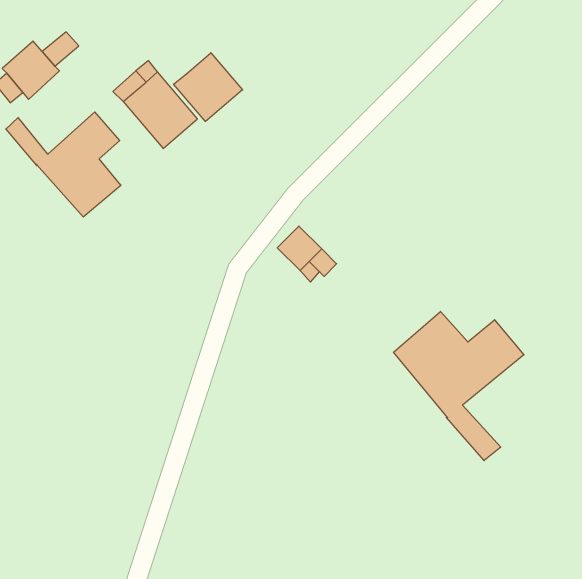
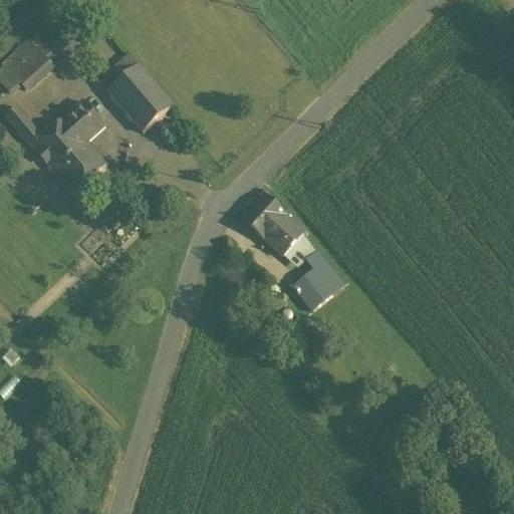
building: [174,53,243,121] -> none
building: none -> [300,265,337,304]
building: [394,311,524,461] -> none

